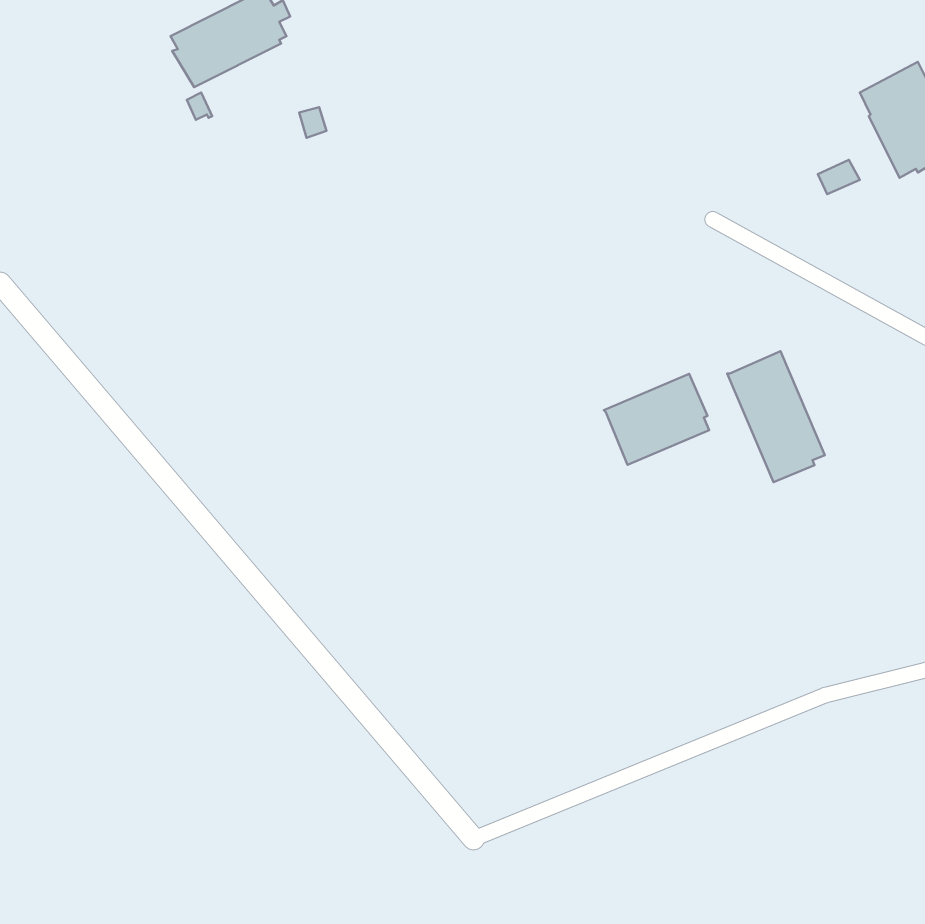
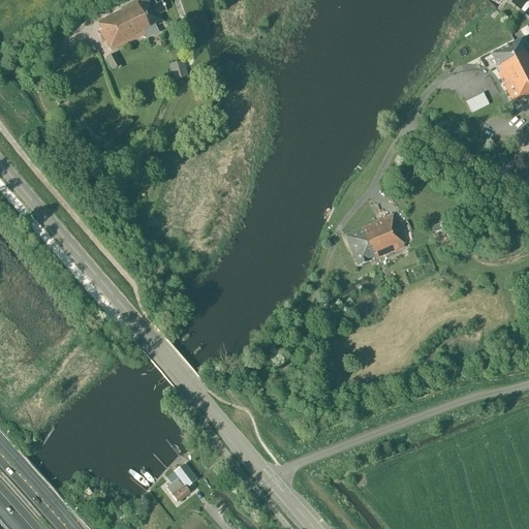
building: [727,351,825,482] -> none
building: none -> [166,462,197,501]

